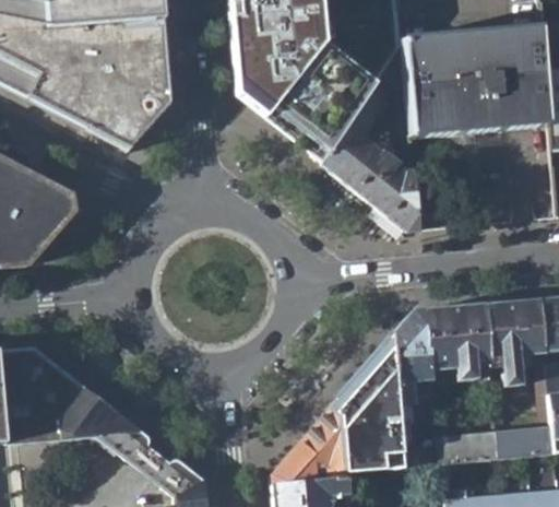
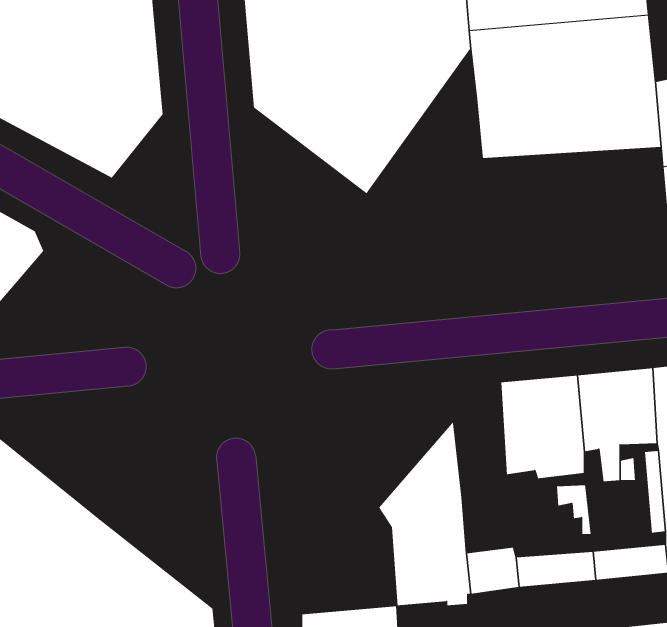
building: [323,51,420,228] -> none
building: [390,307,430,396] -> none
building: [271,403,346,485] -> none

